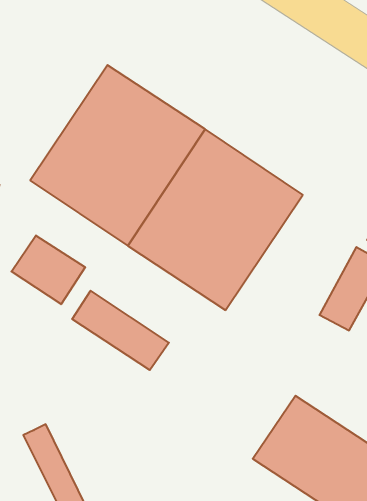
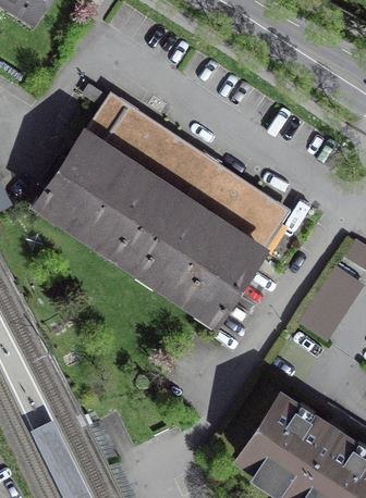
building: [11,235,85,304] -> none
building: [72,291,169,370] -> none

